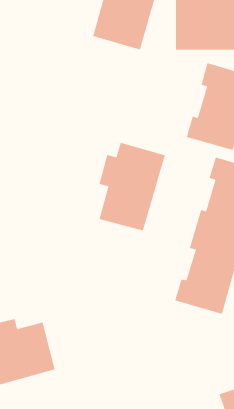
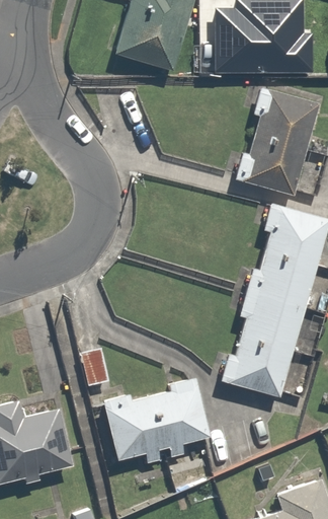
building: [98,142,166,232] -> none
building: none -> [104,375,211,488]

